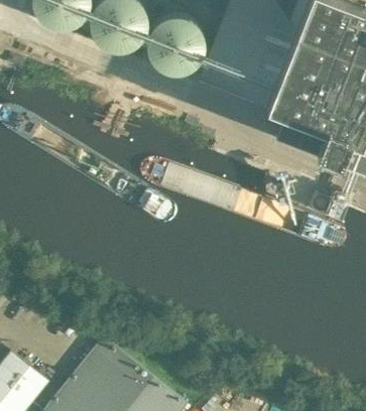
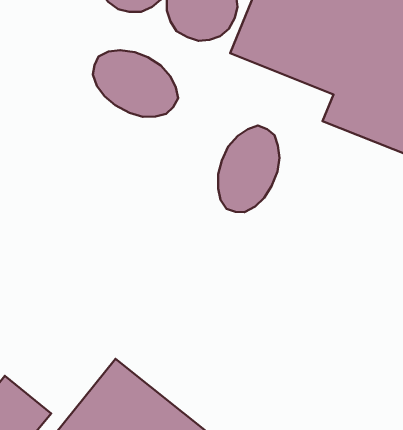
building: none -> [93,50,178,117]
building: none -> [218,126,280,212]

